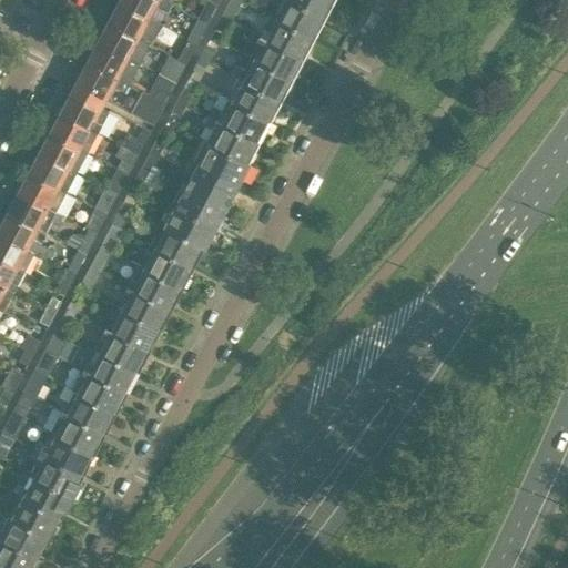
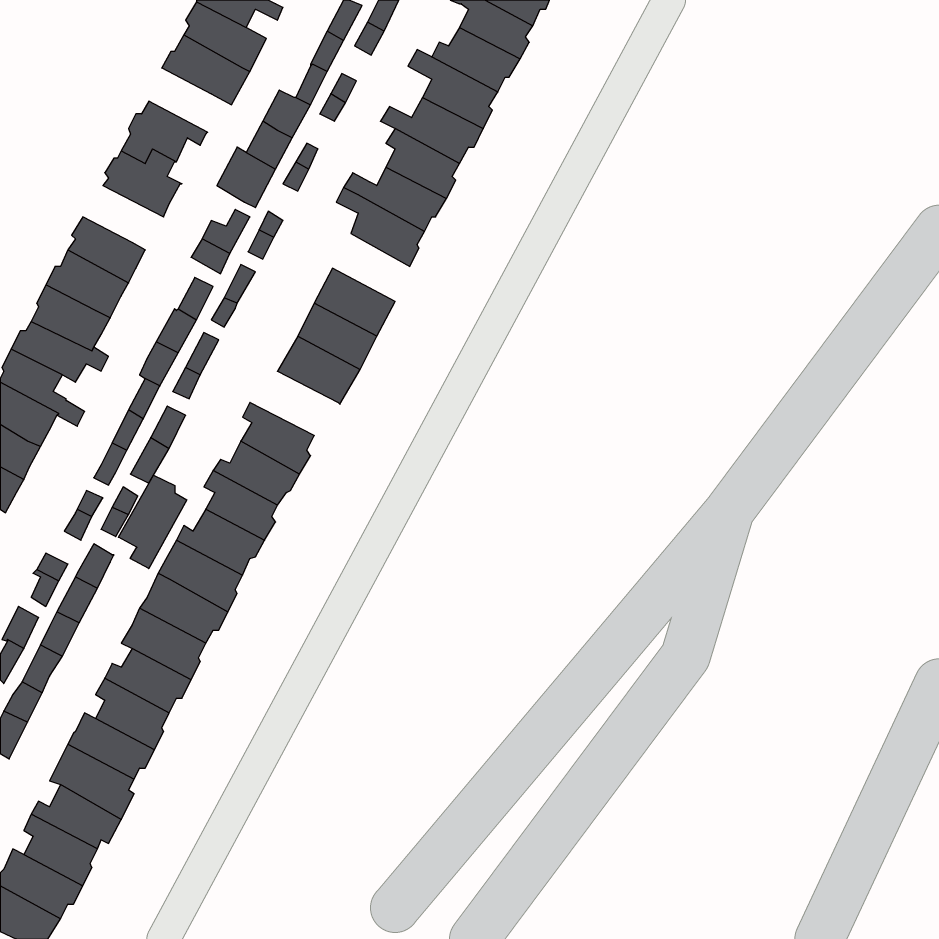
building: [90,41,140,83] -> none
building: [50,112,99,151] -> none
building: [201,141,250,182] -> none
building: [151,224,204,263] -> none
building: none -> [118,475,187,569]

